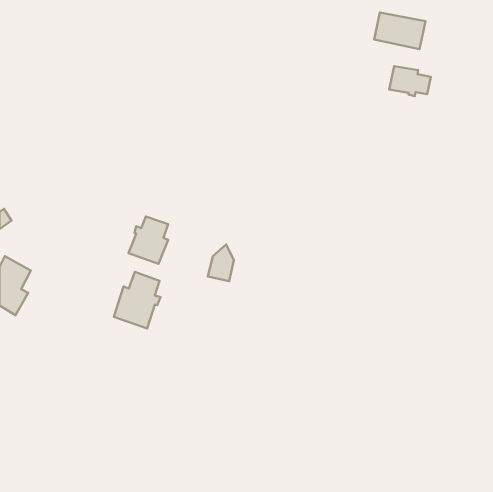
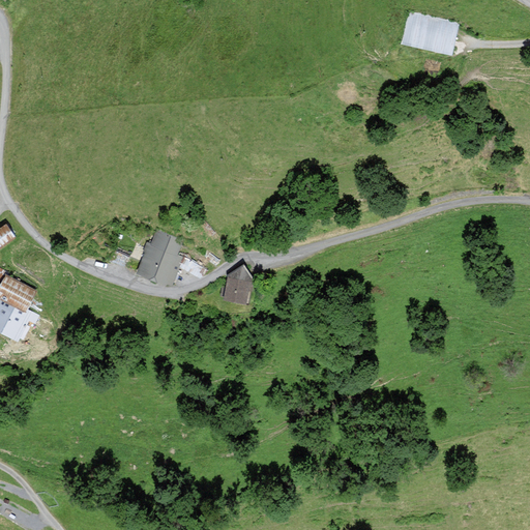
building: [389,66,431,96] -> none
building: [114,272,161,329] -> none

